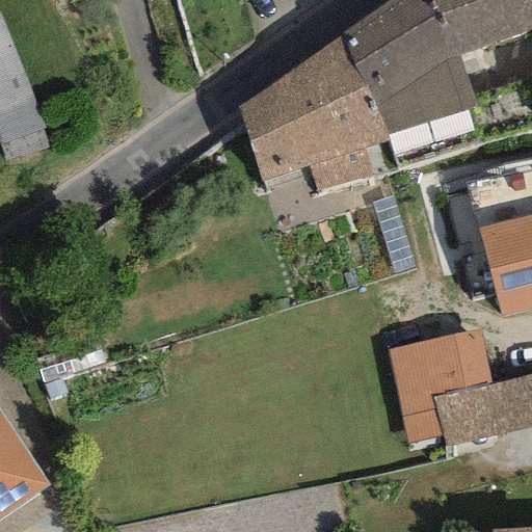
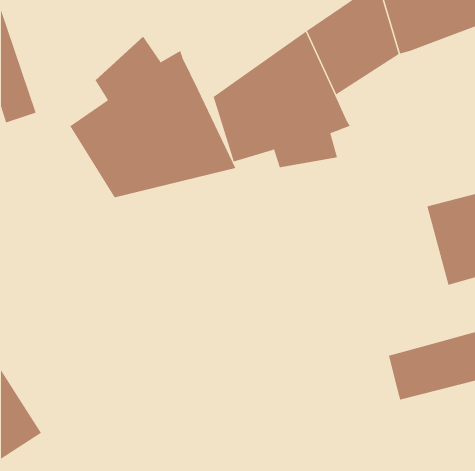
building: none -> [69,36,236,198]
building: [376,57,477,134] -> none
building: [387,328,491,442] -> none

